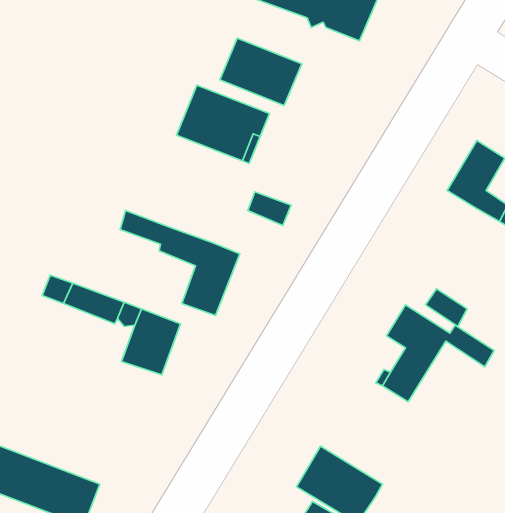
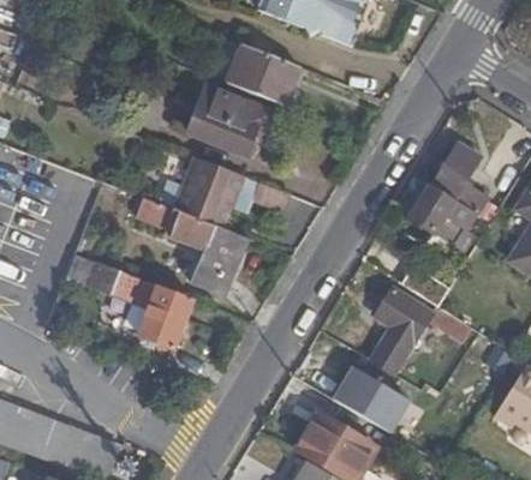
building: none -> [180,162,246,229]
building: none -> [408,182,458,235]
building: none -> [334,366,408,431]

